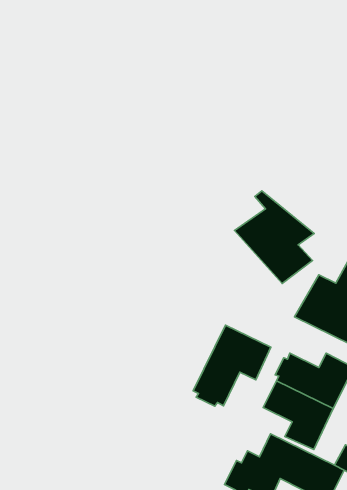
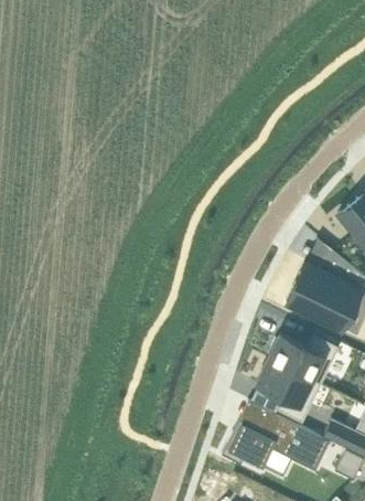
building: [235,191,314,283] -> none
building: [193,325,271,406] -> none

